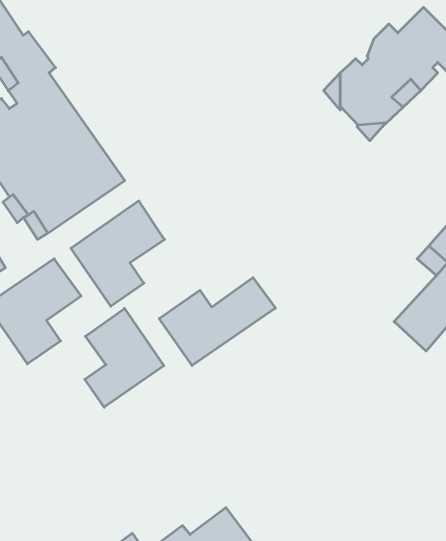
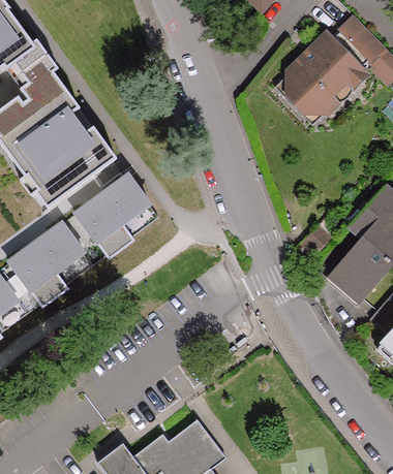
building: [159,278,275,366] -> none
building: [85,308,164,407] -> none

